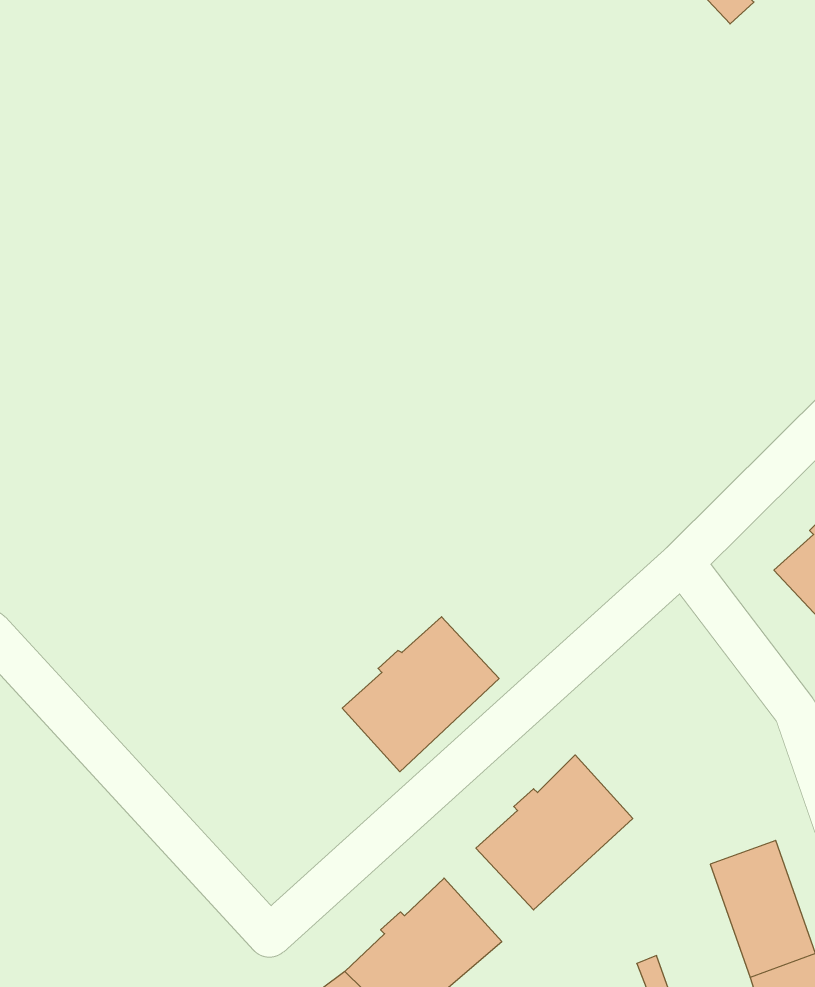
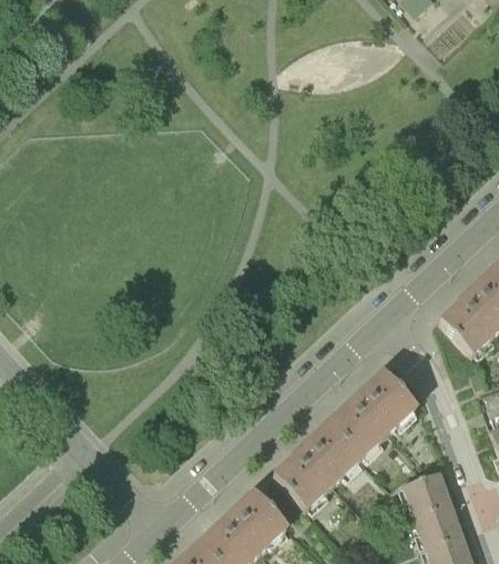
building: [342,617,499,772] -> [327,372,415,459]

